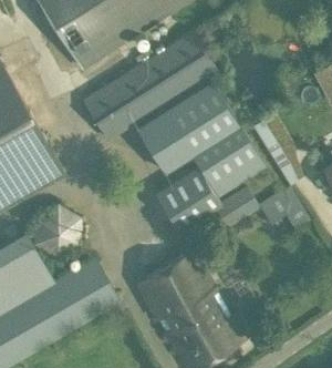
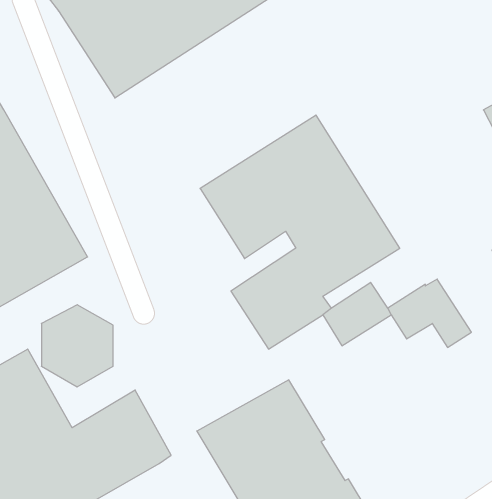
building: [82,31,215,140] -> none

